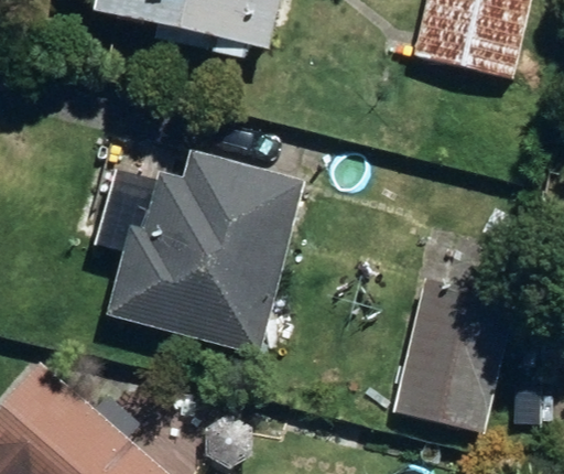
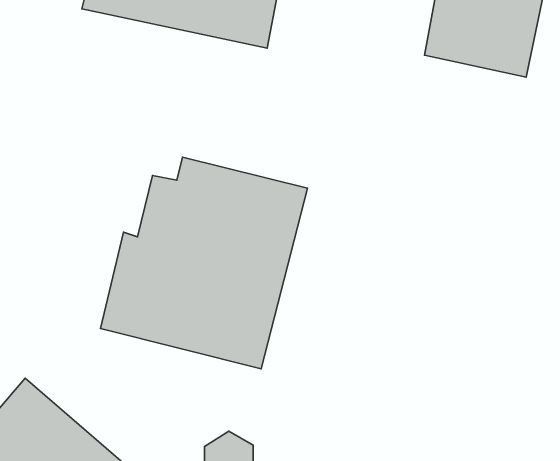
building: [394,277,516,431] -> none

